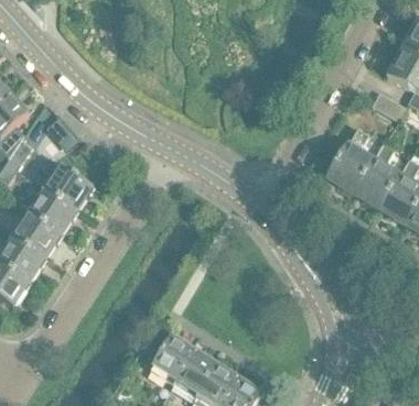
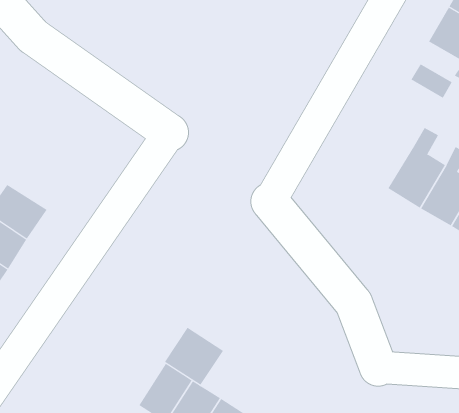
building: [327,127,374,191] -> none
building: [43,157,93,209] -> none
building: none -> [164,327,224,386]

